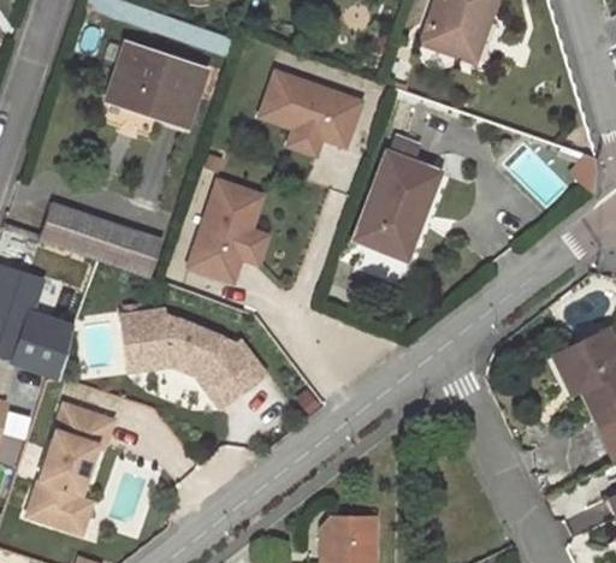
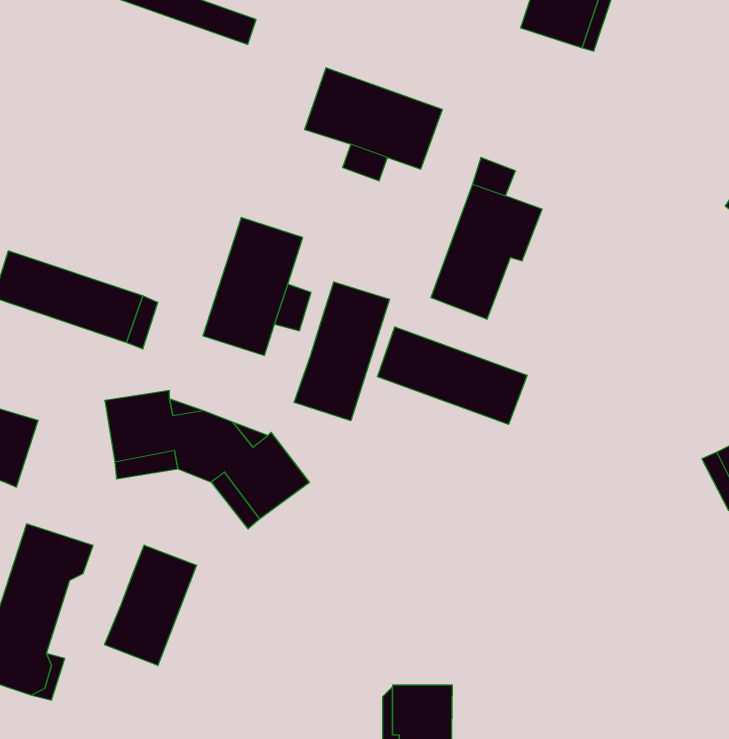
building: [108,47,203,125] -> none
building: none -> [294,282,389,421]
building: none -> [378,327,527,424]
building: none -> [104,545,196,666]

